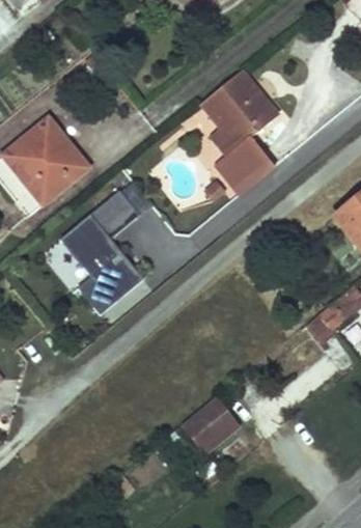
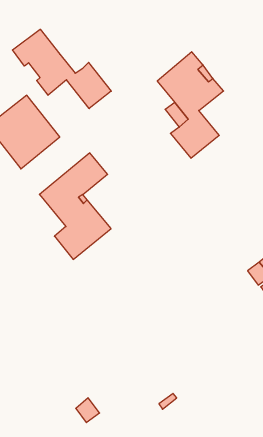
building: none -> [12,29,111,109]
building: [184,396,238,451] -> none

